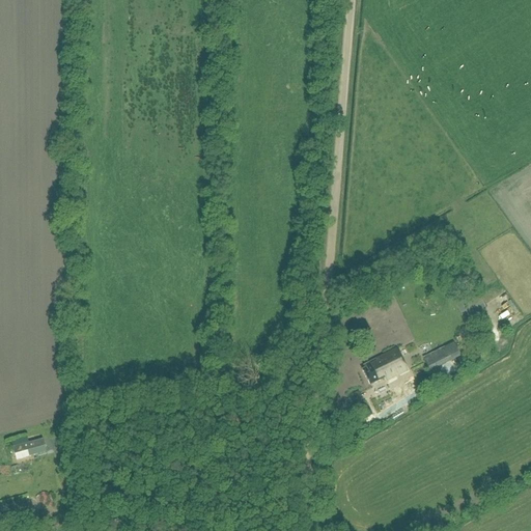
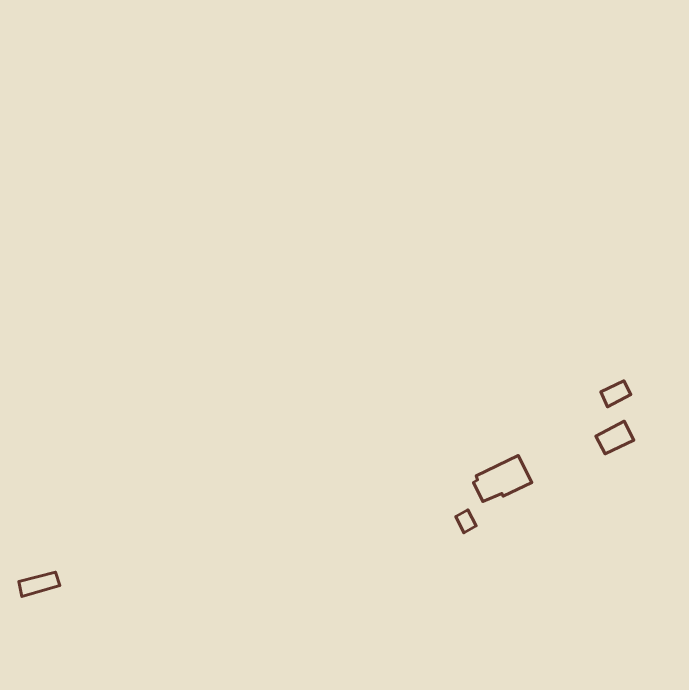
building: [425,345,454,370] -> [596,421,634,454]

